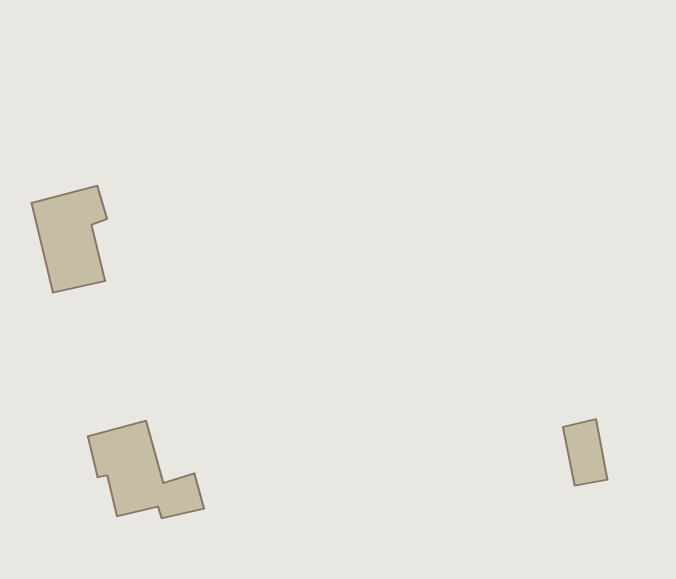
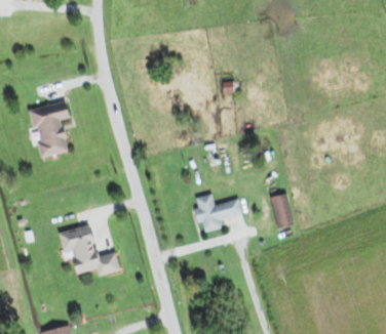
building: none -> [196,194,242,233]
building: [563,419,608,485] -> [271,193,295,227]

